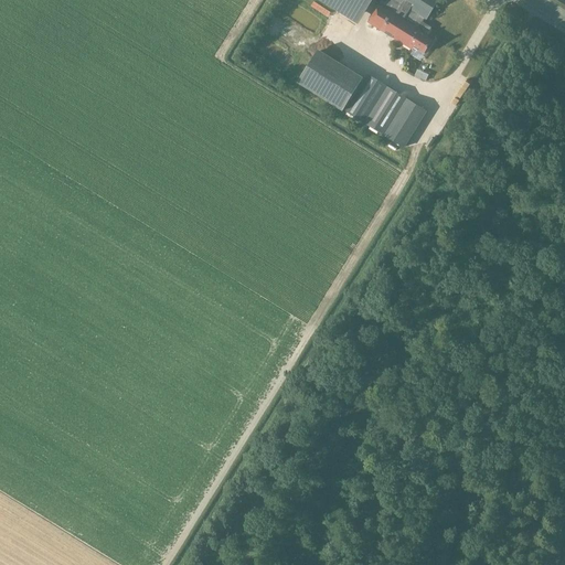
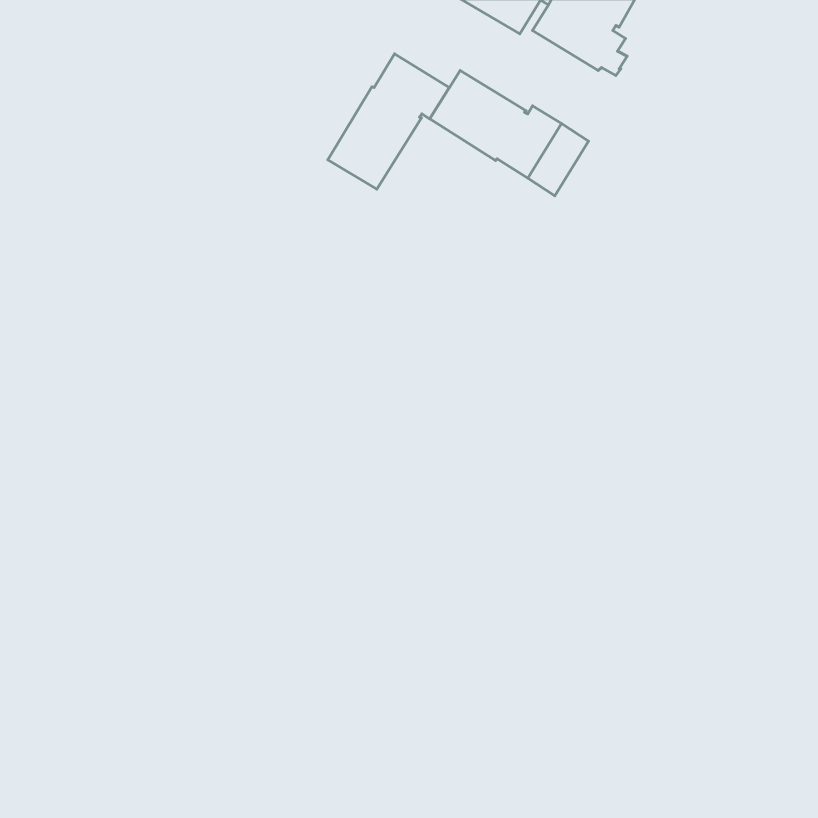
building: none -> [328,54,449,189]
building: [382,97,426,147] -> none

